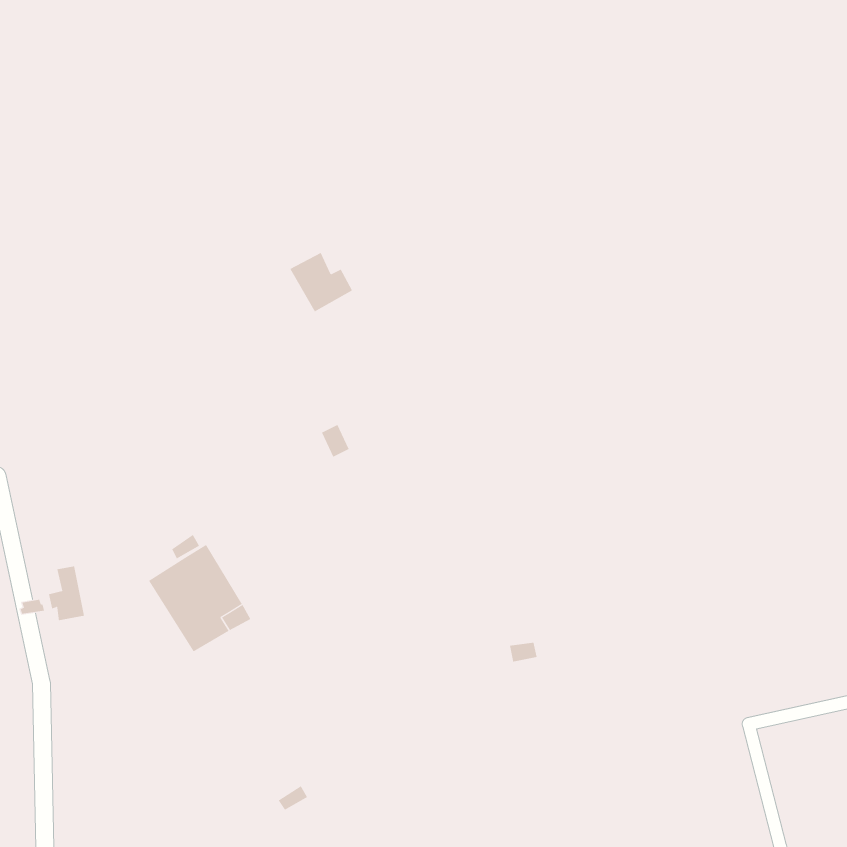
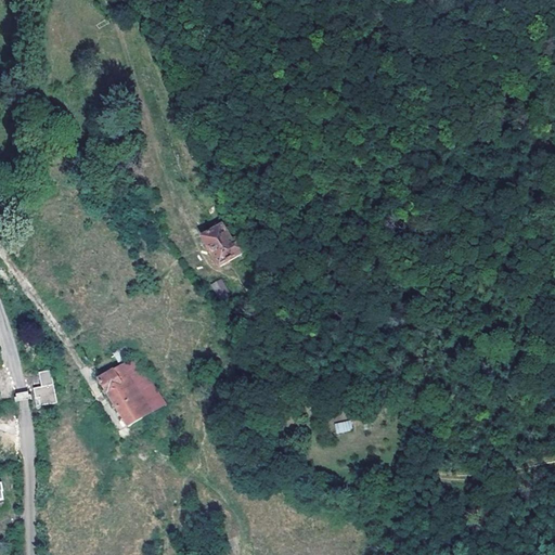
building: [290,252,353,312] -> [199,227,241,266]

